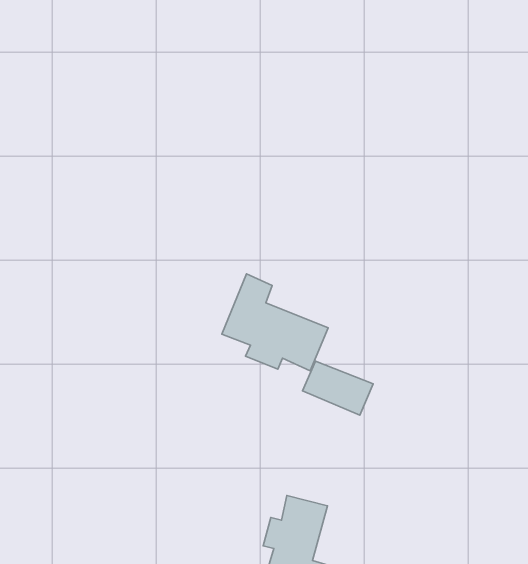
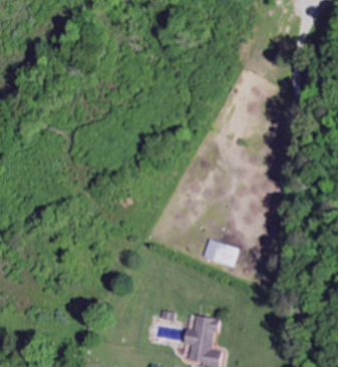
building: [222,274,328,371] -> none

